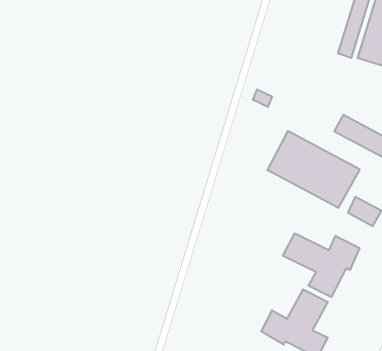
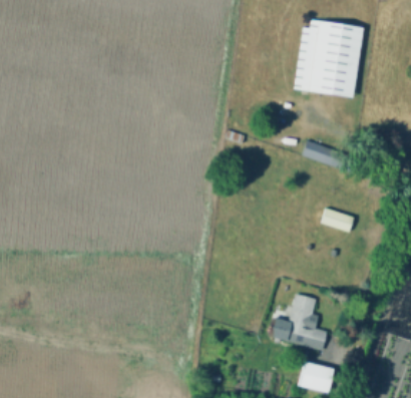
building: [267,131,360,208] -> none
building: [283,233,359,297] -> none

